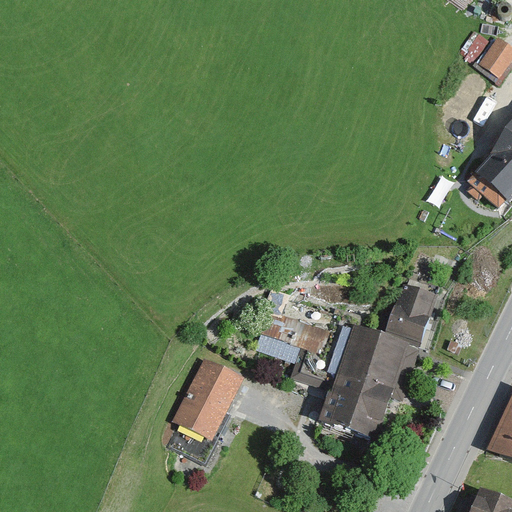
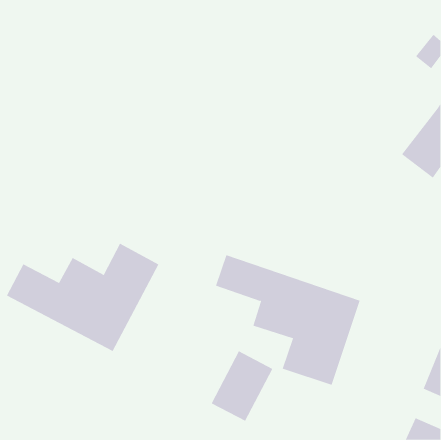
building: none -> [6,243,159,352]
building: [385,282,441,345] -> none
building: [173,361,245,443] -> [211,351,273,422]

